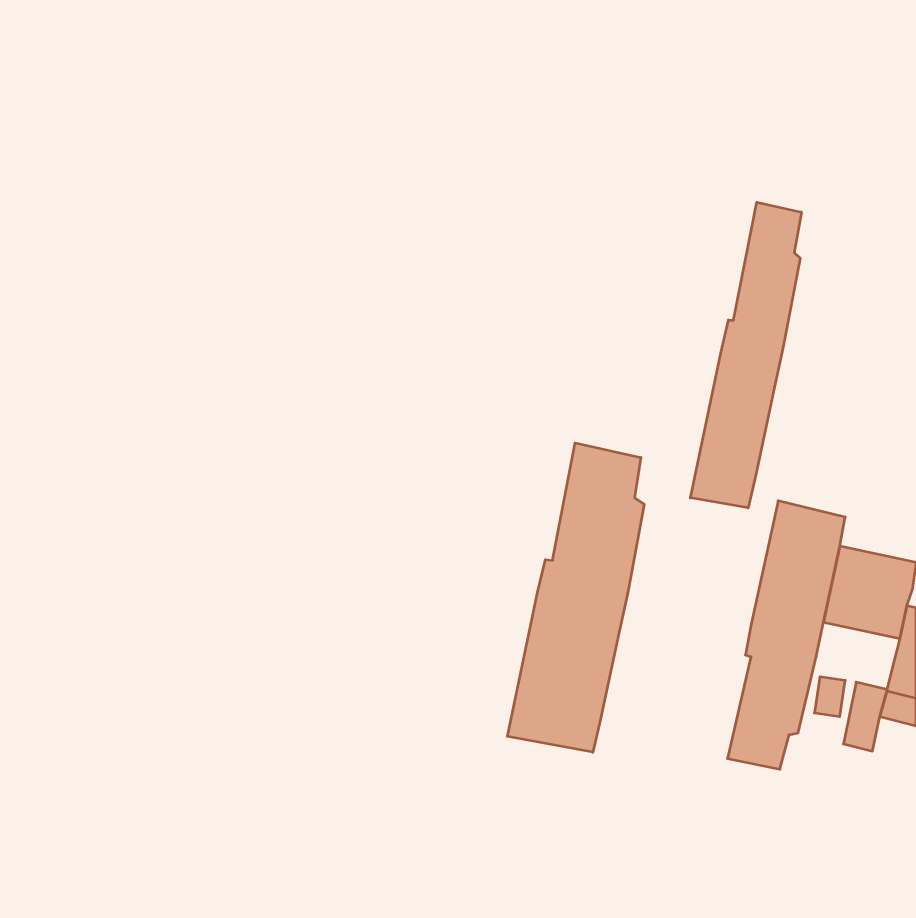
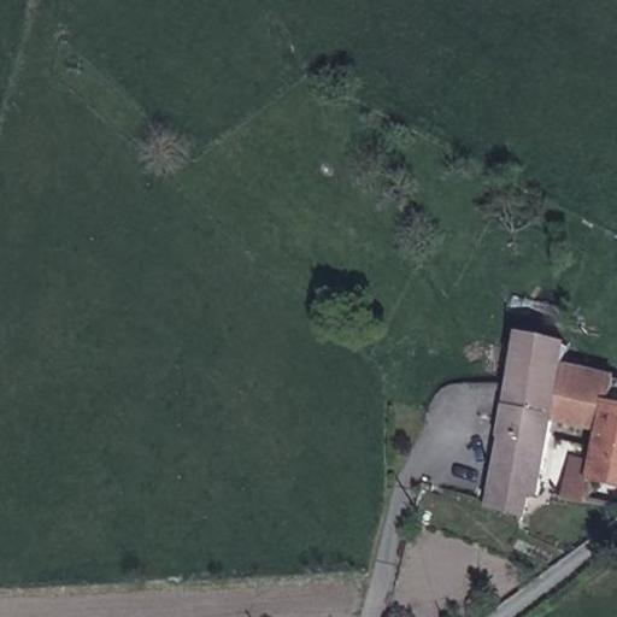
building: [690,202,801,508] -> none
building: [507,443,644,752] -> none

